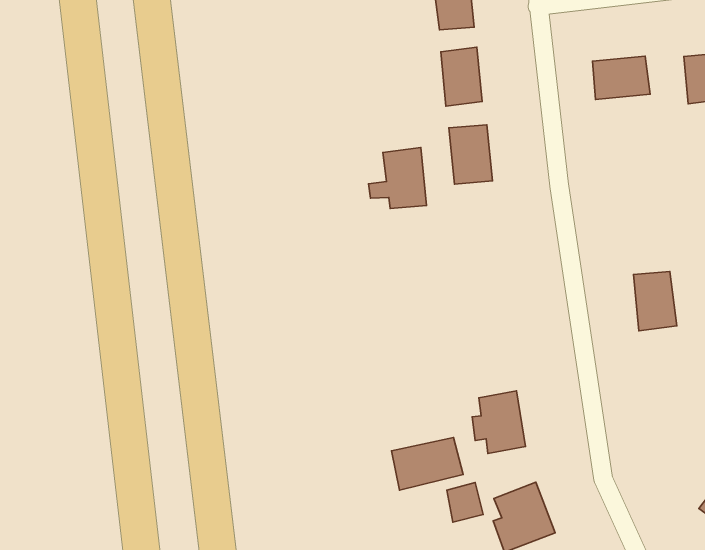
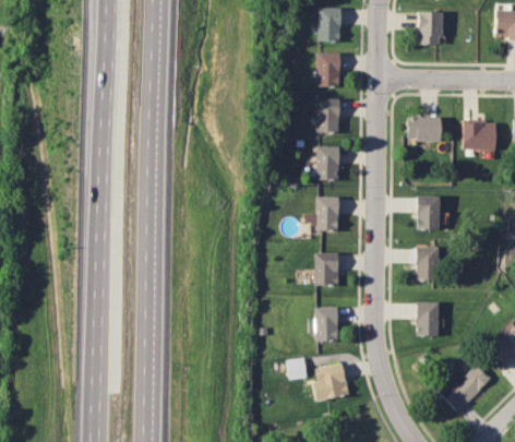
building: [369,148,426,208] -> [306,196,339,231]
building: none -> [416,195,439,230]
building: none -> [315,253,339,286]
building: none -> [416,302,438,336]
building: [391,437,463,490] -> none

